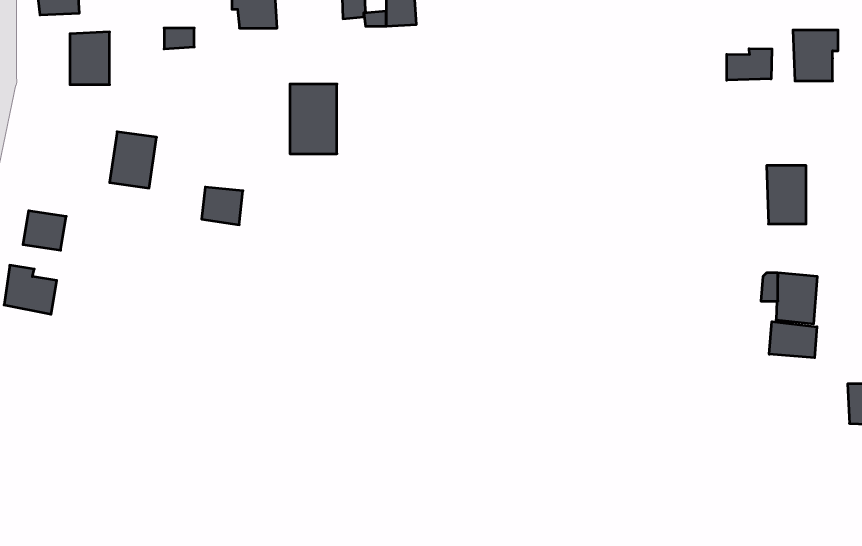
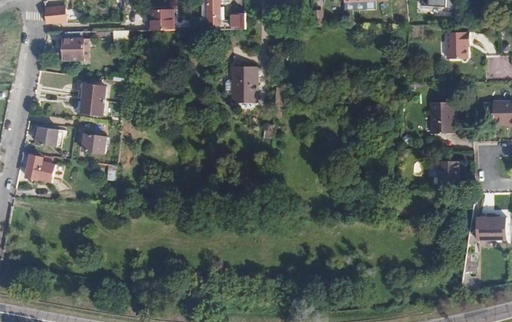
building: [727,49,772,80] -> none
building: [290,84,337,154] -> [231,65,256,102]
building: [202,187,243,225] -> [83,133,105,153]
building: [769,322,817,358] -> none

